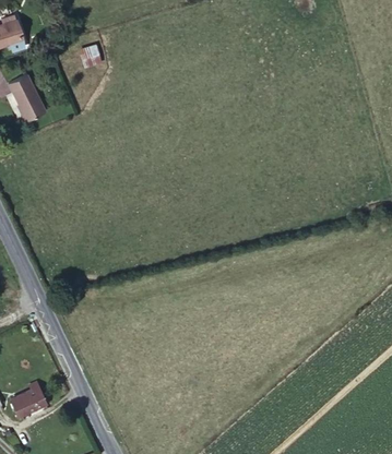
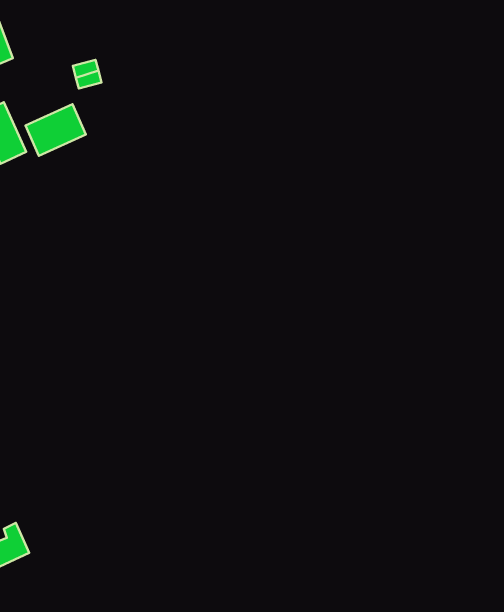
building: none -> [25,104,86,156]

